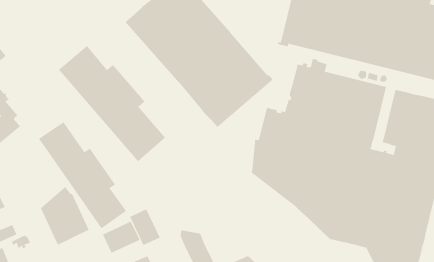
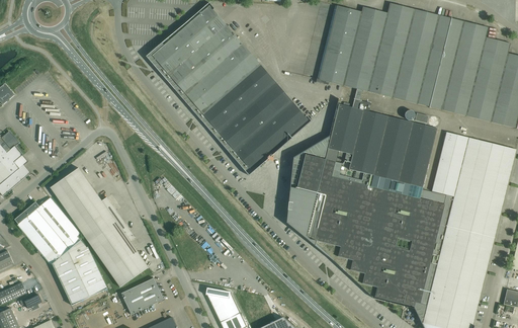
building: [58,45,166,162] -> none
building: none -> [14,196,80,264]
building: [129,208,160,246] -> none

